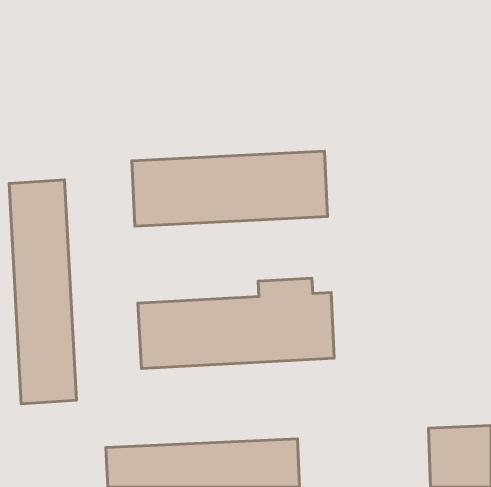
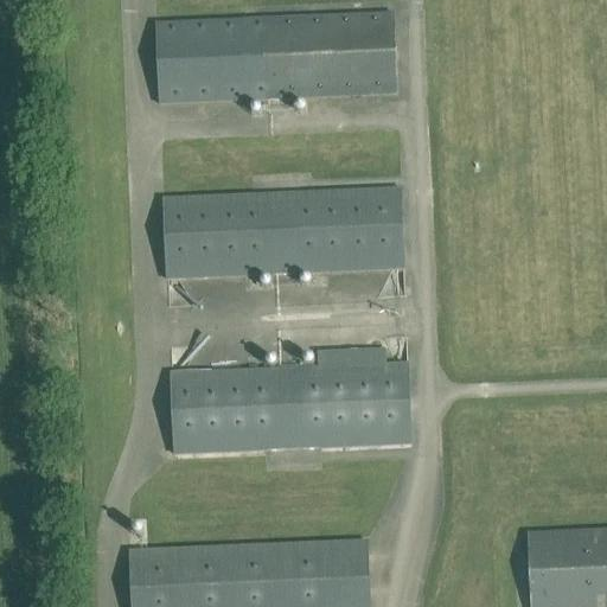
building: none -> [155,13,395,103]
building: [9,180,77,404] -> none

